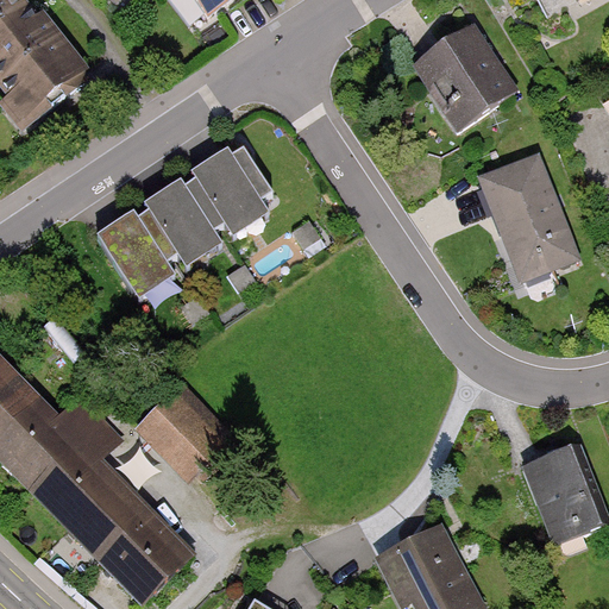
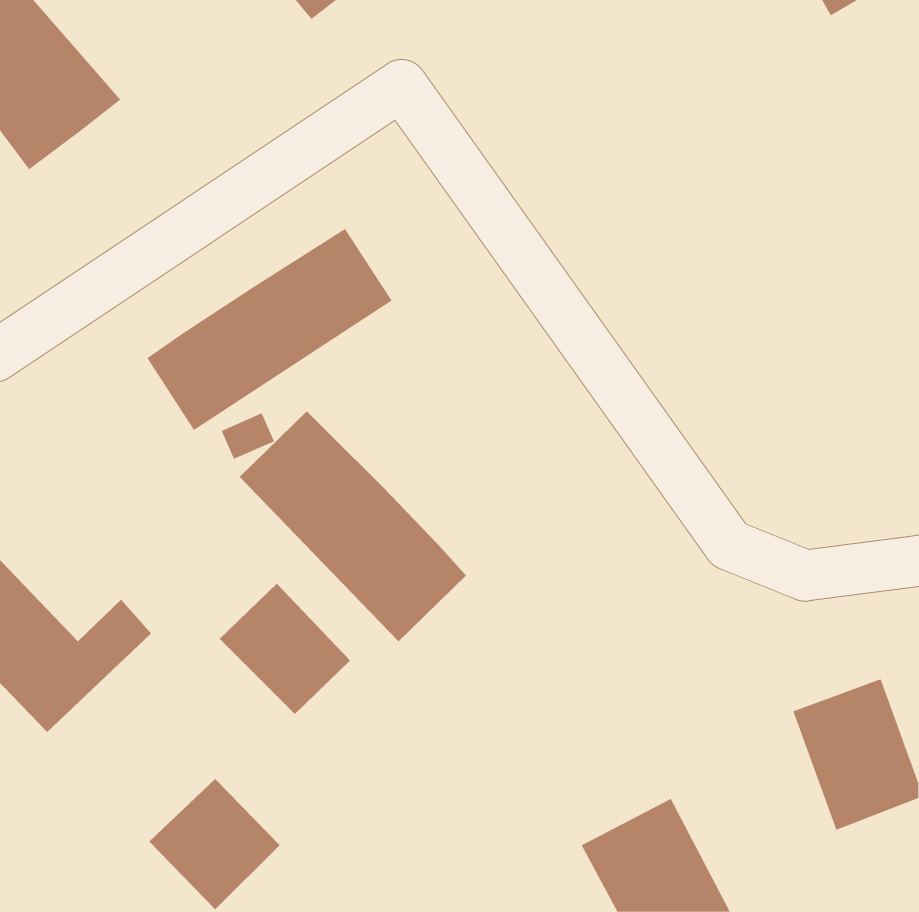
building: [414,26,519,131] -> none
building: [482,155,582,282] -> none
building: none -> [239,410,467,642]
building: [31,416,142,553] -> none

